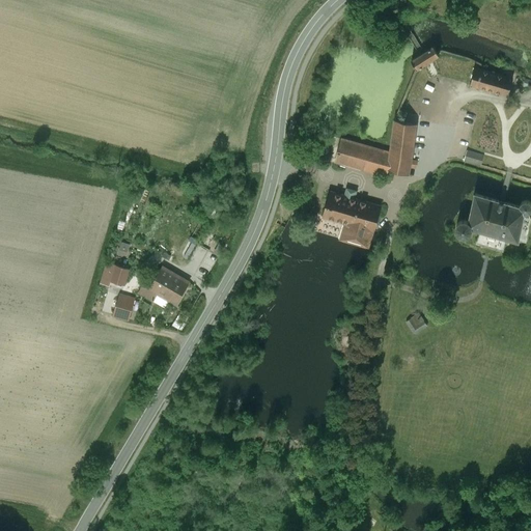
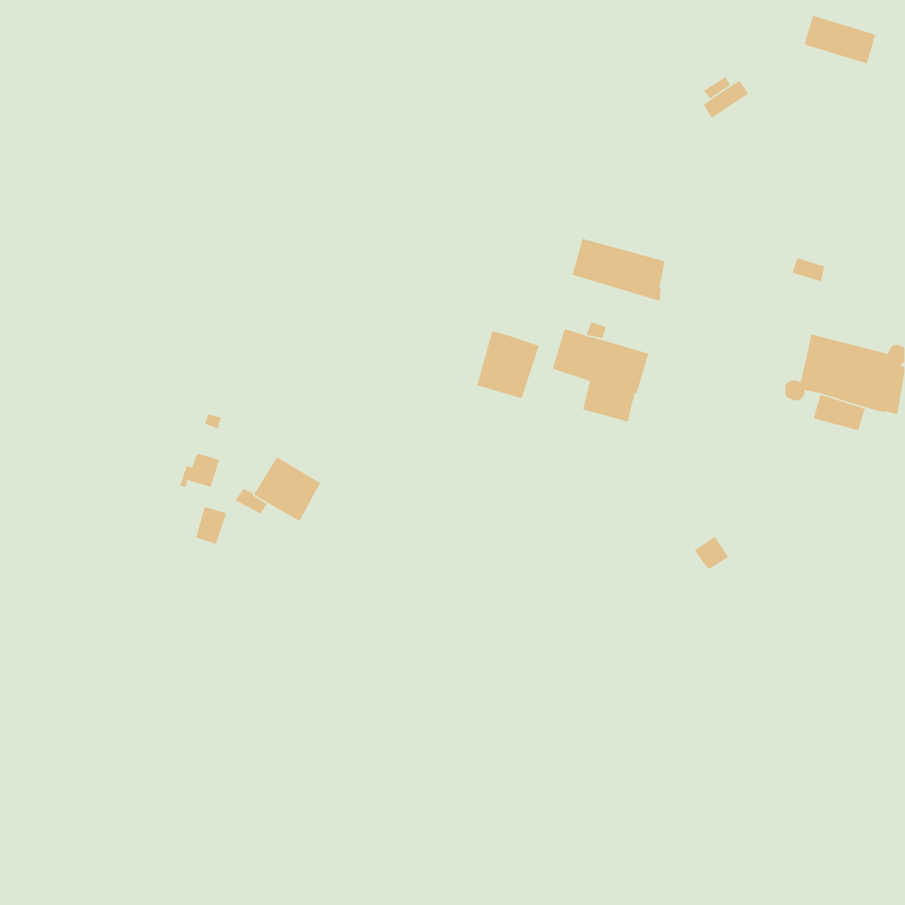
building: [469,68,511,97] -> [804,15,876,64]
building: [386,121,415,175] -> none
building: none -> [476,330,540,399]

